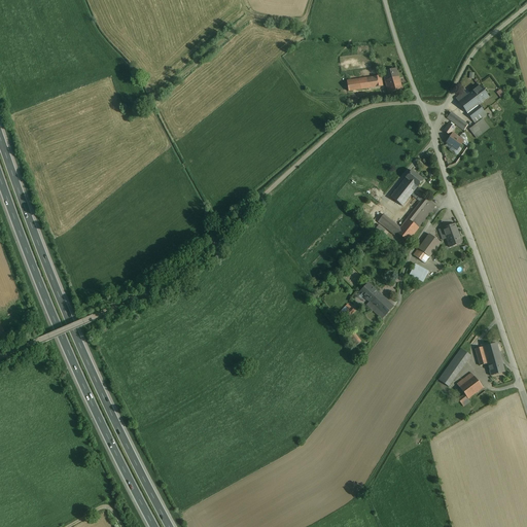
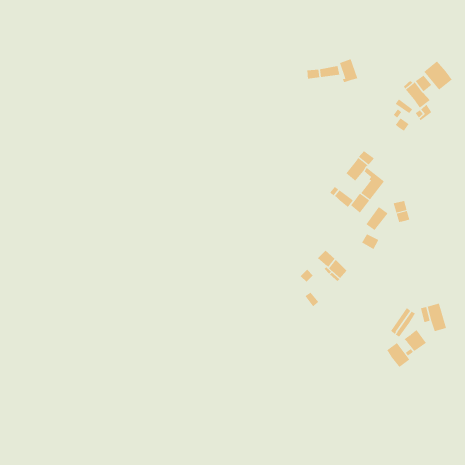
building: none -> [424,61,452,91]
building: none -> [386,342,410,368]

